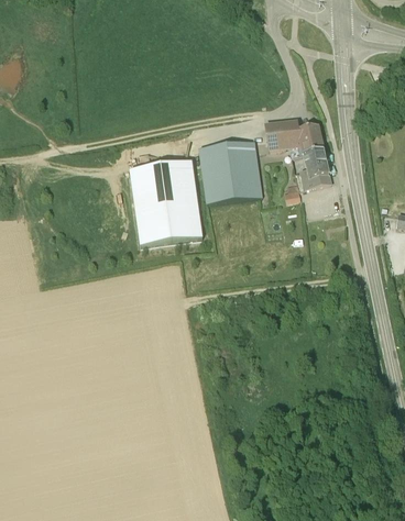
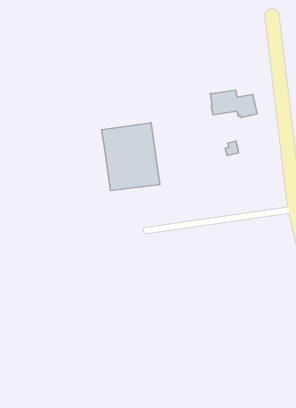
building: [198,140,261,202] -> none
building: [298,148,330,187] -> none

